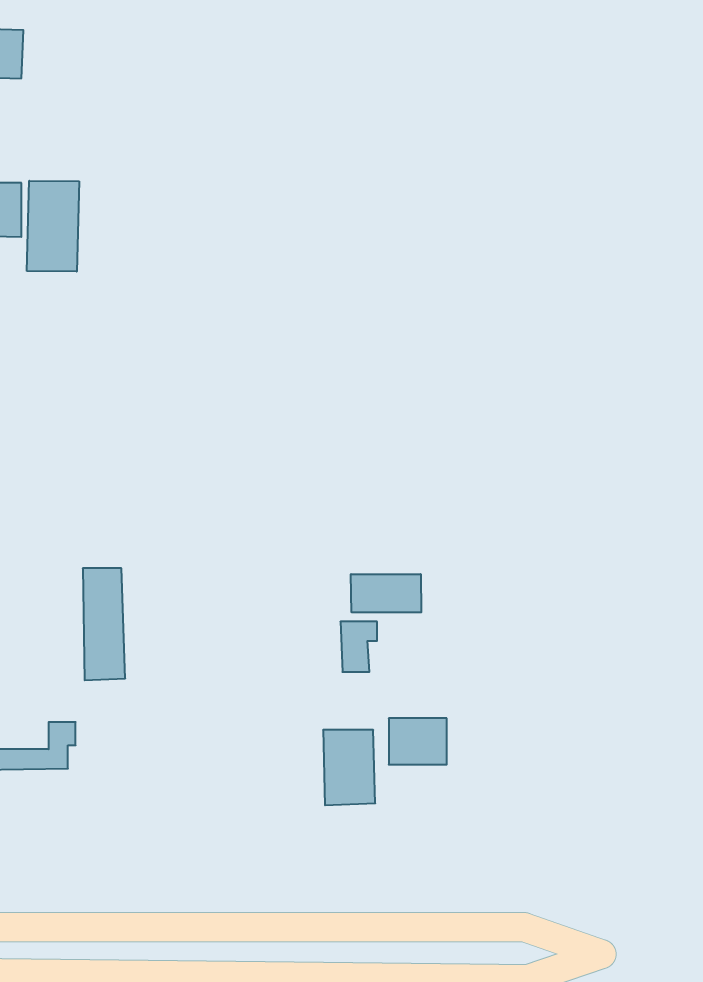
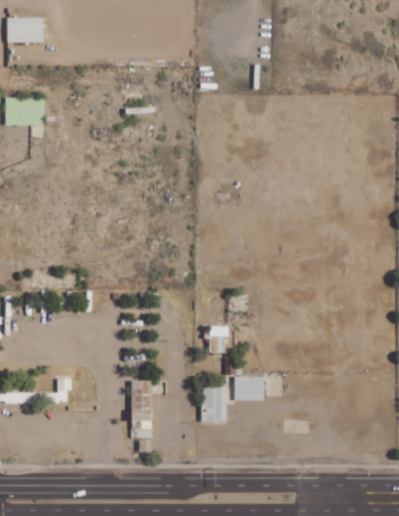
building: [27,181,79,272] -> none
building: [83,568,125,680] -> [130,381,152,439]
building: [351,574,421,612] -> none

